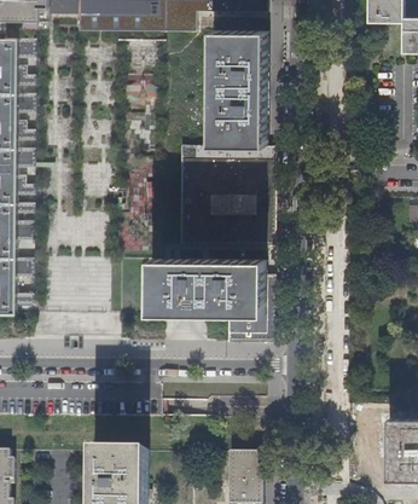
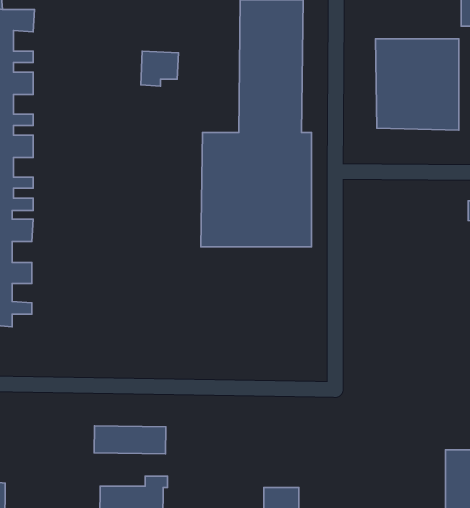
building: none -> [375,39,459,130]
building: [146,259,271,341] -> none
building: none -> [94,426,166,454]

